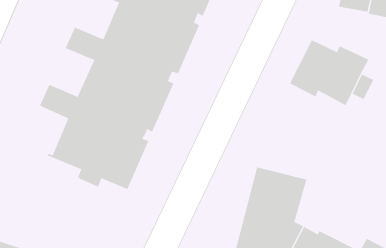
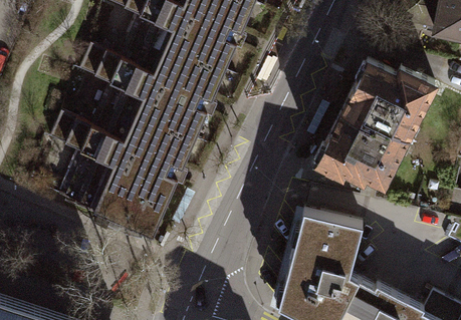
building: none -> [316,112,408,186]

